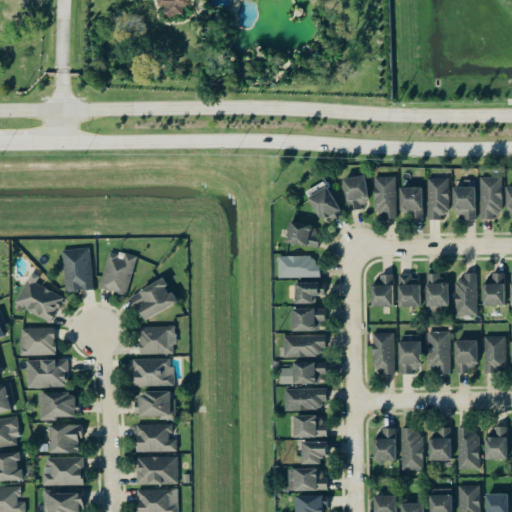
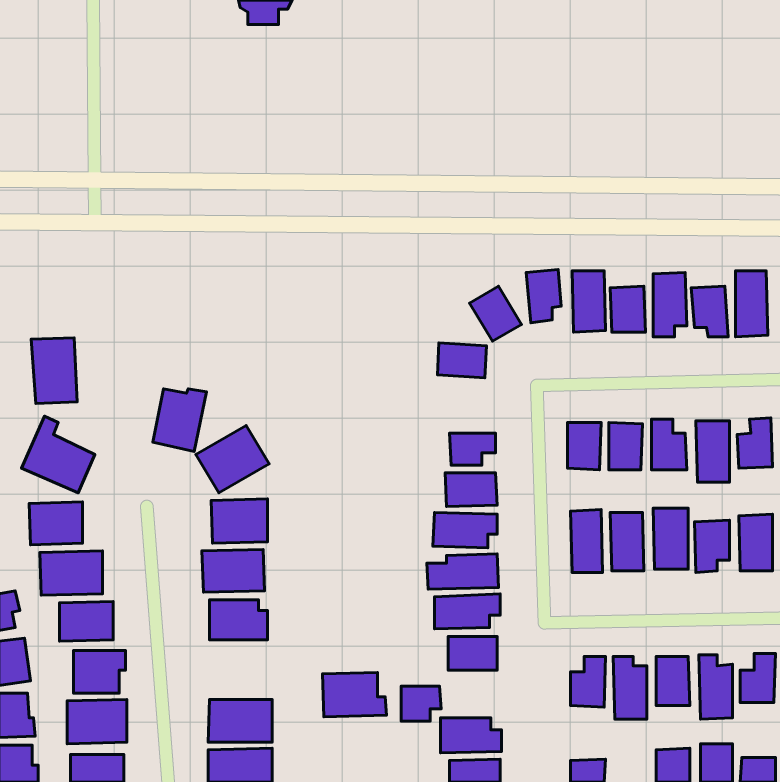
building: [62,249,92,292] -> [31,338,77,404]
building: [278,256,320,278] -> none
building: [135,424,177,453] -> [322,672,387,717]
building: [301,442,327,465] -> [401,686,441,721]

